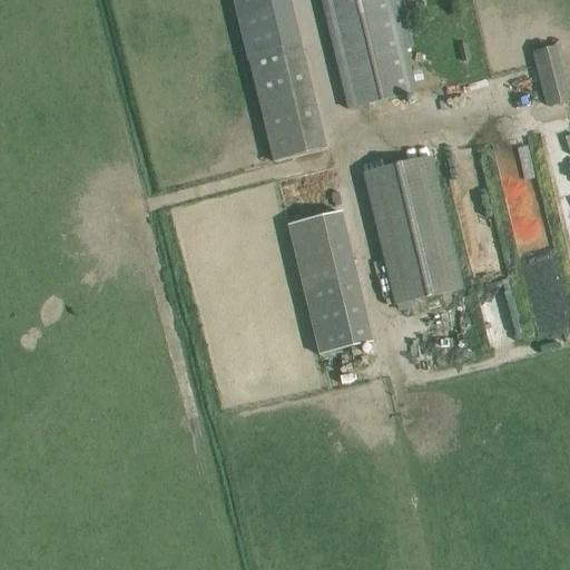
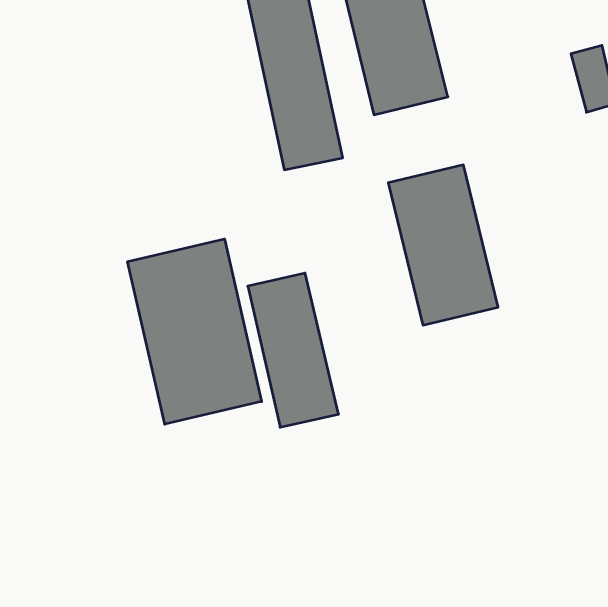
building: [288,209,373,353] -> [248,273,339,427]
building: none -> [128,239,262,424]

